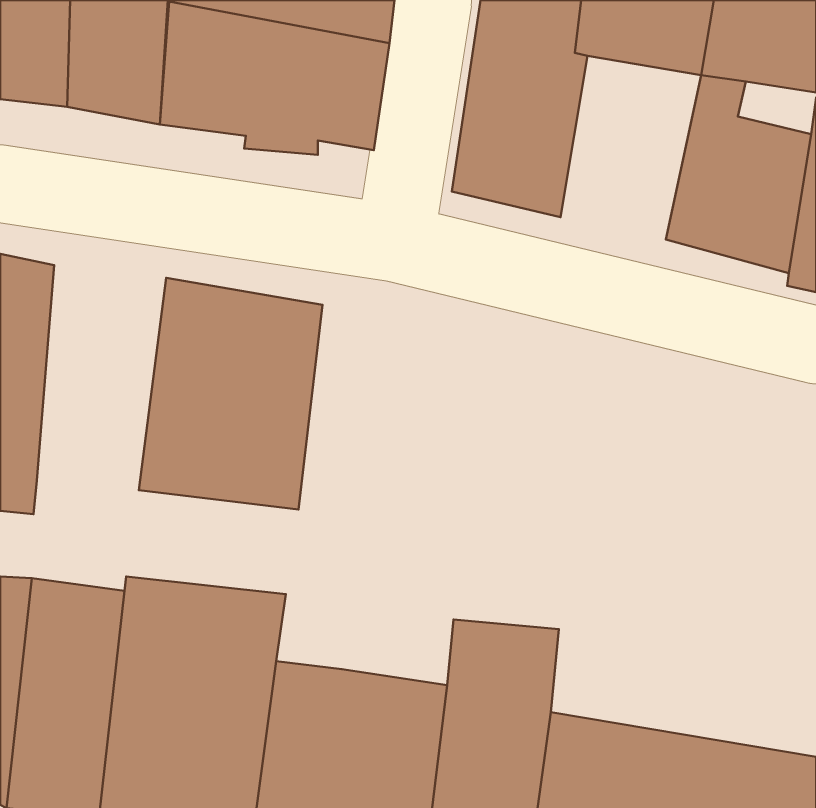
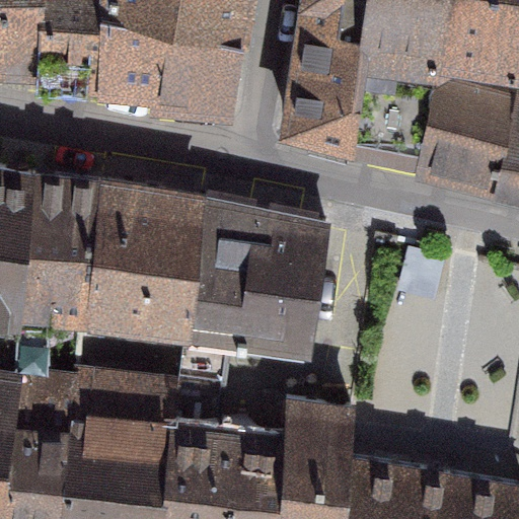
building: none -> [23,173,105,316]
building: none -> [175,199,329,430]

